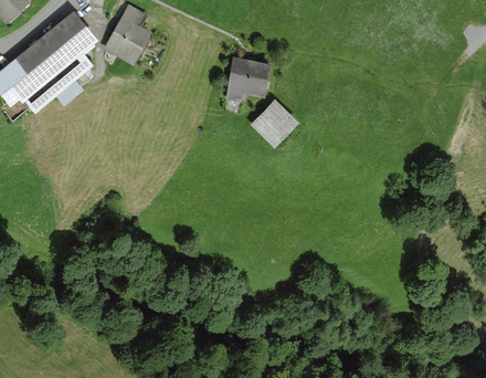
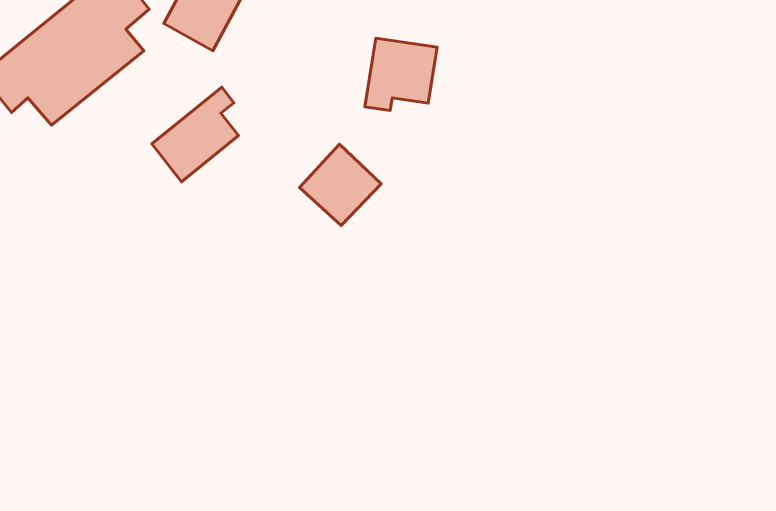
building: none -> [152,87,238,182]
building: [249,98,298,148] -> [300,144,381,226]

